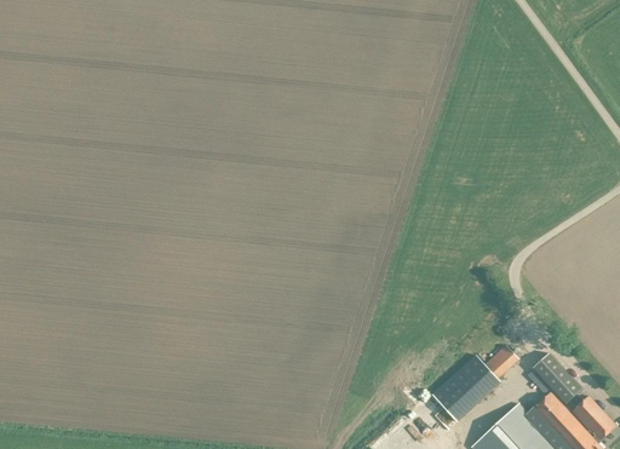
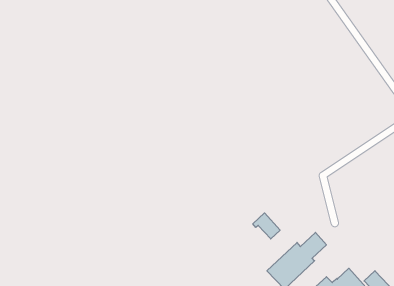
building: none -> [253,213,280,239]
building: [532,353,581,403] -> none

